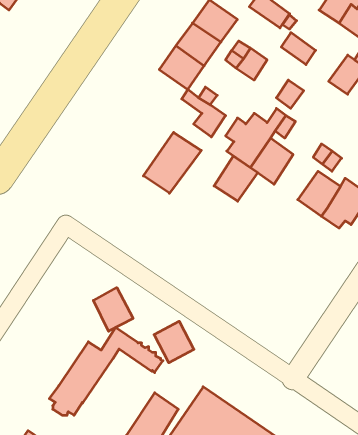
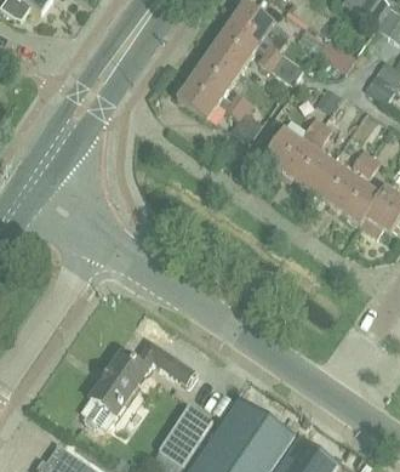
building: none -> [176,74,222,119]
building: [143,132,201,193] -> none
building: [214,156,258,201] -> [310,161,355,207]
building: [93,288,133,331] -> none
building: [154,321,194,363] -> none

